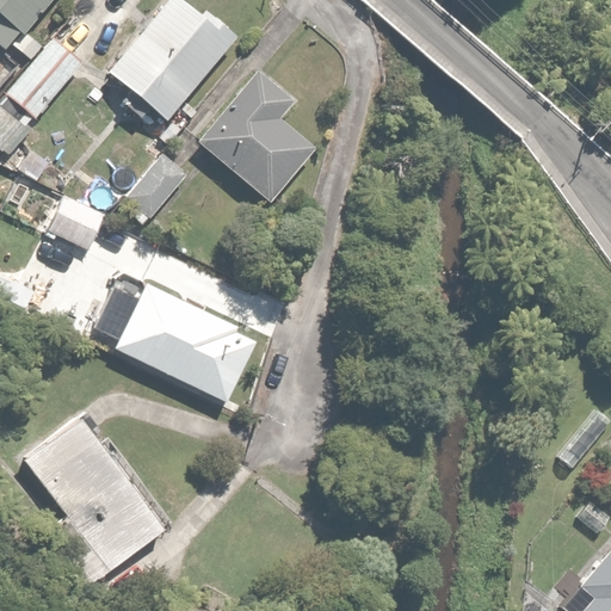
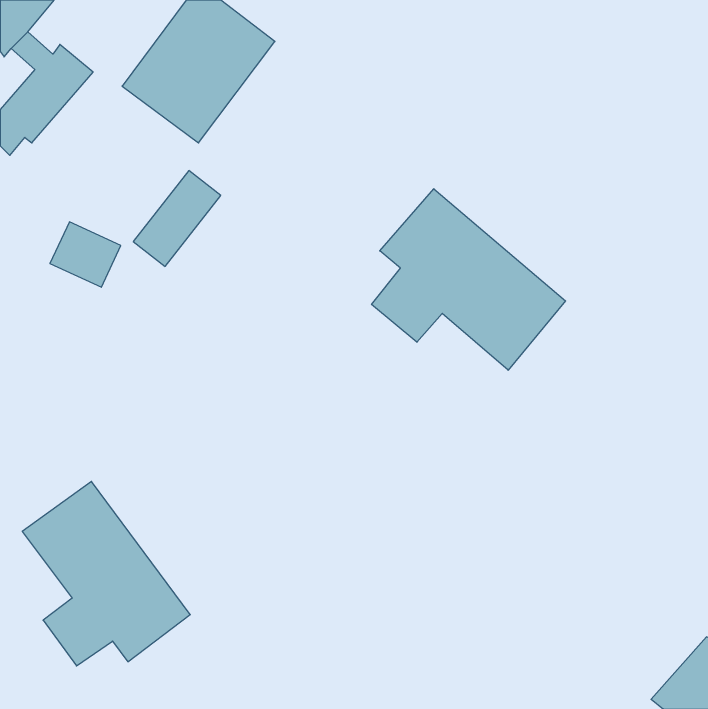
building: [198,67,321,204] -> none
building: none -> [372,189,566,370]
building: [94,284,259,402] -> none

